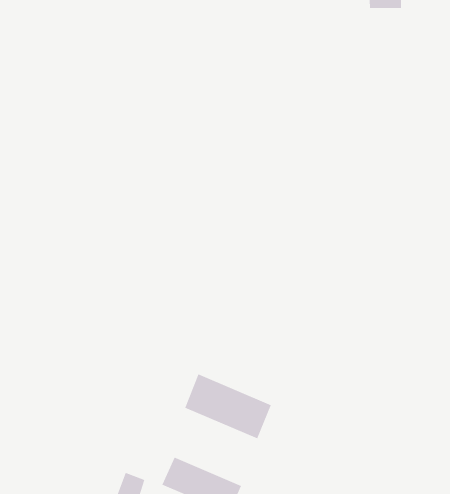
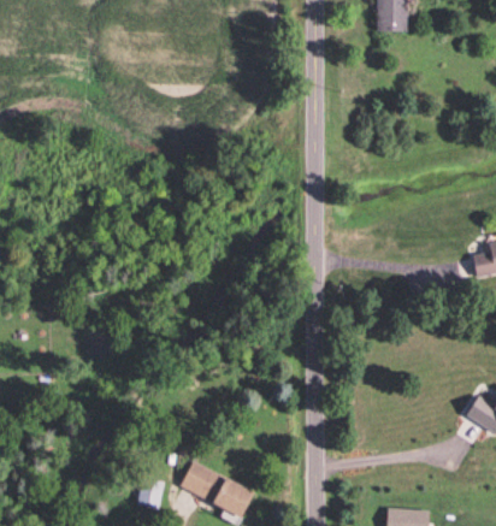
building: [184,374,271,439] -> none

